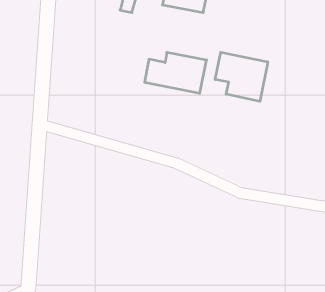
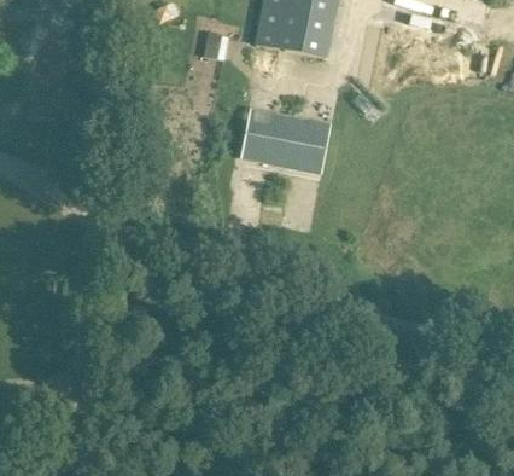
building: [215,52,268,101] -> none

